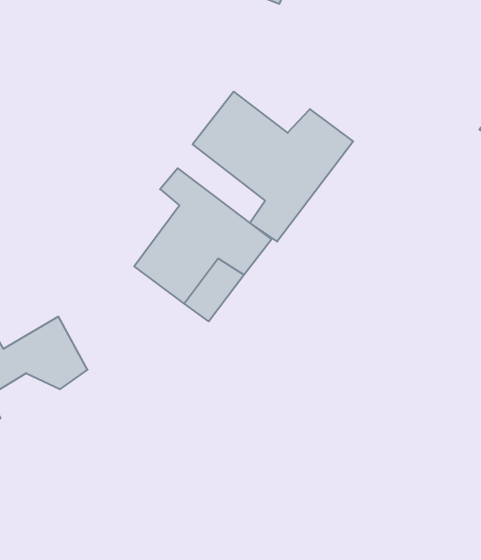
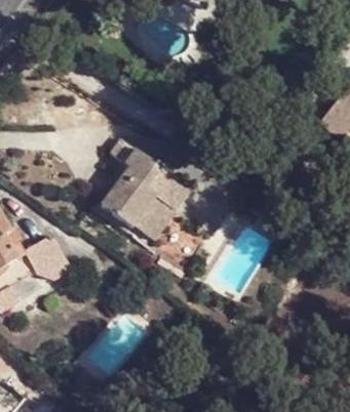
building: [193,92,353,242] -> none

